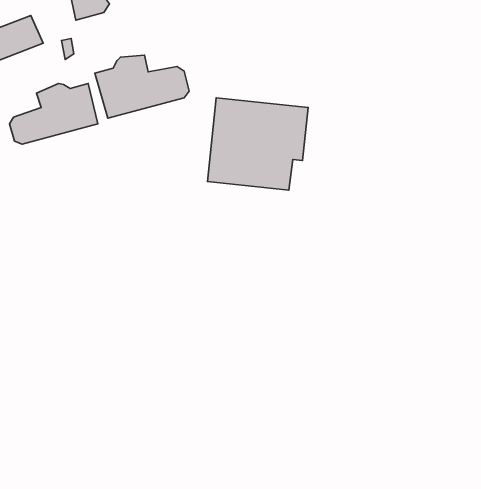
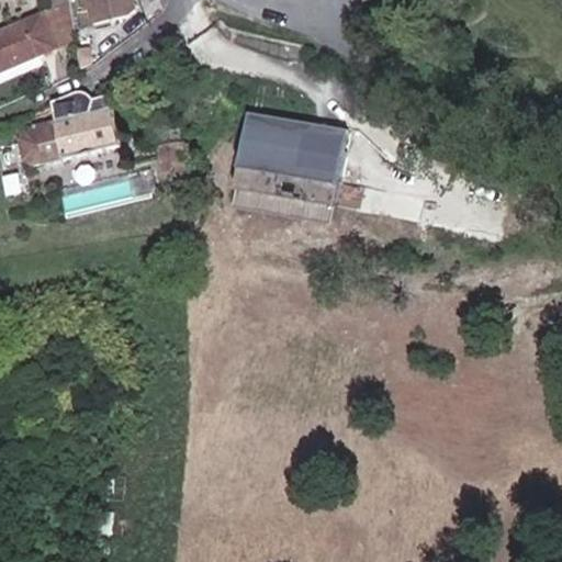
building: none -> [35,7,70,49]
building: [95,55,189,118] -> none

